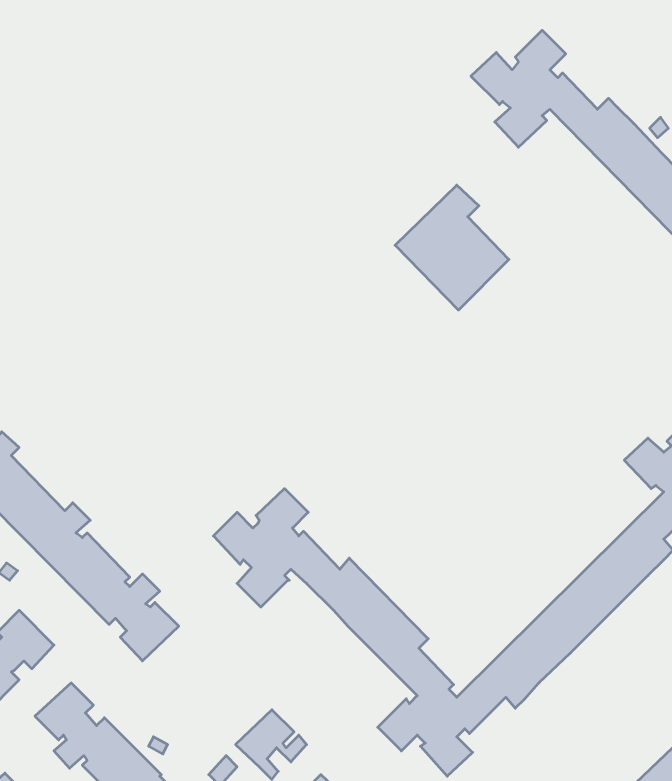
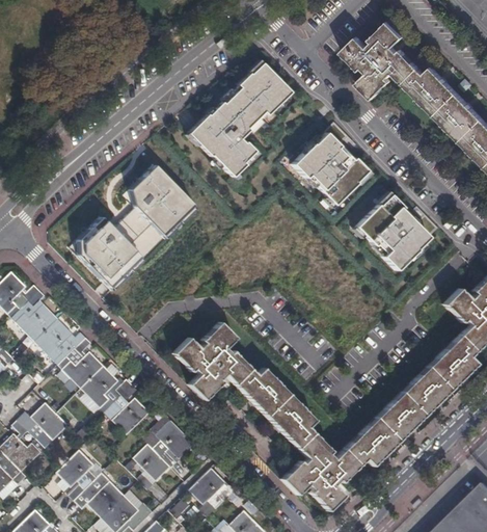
building: none -> [188,63,289,177]
building: none -> [67,165,196,292]
building: none -> [355,195,438,270]
building: none -> [126,421,194,491]

